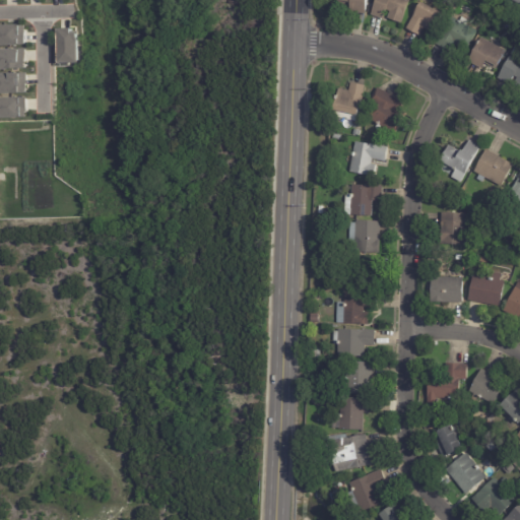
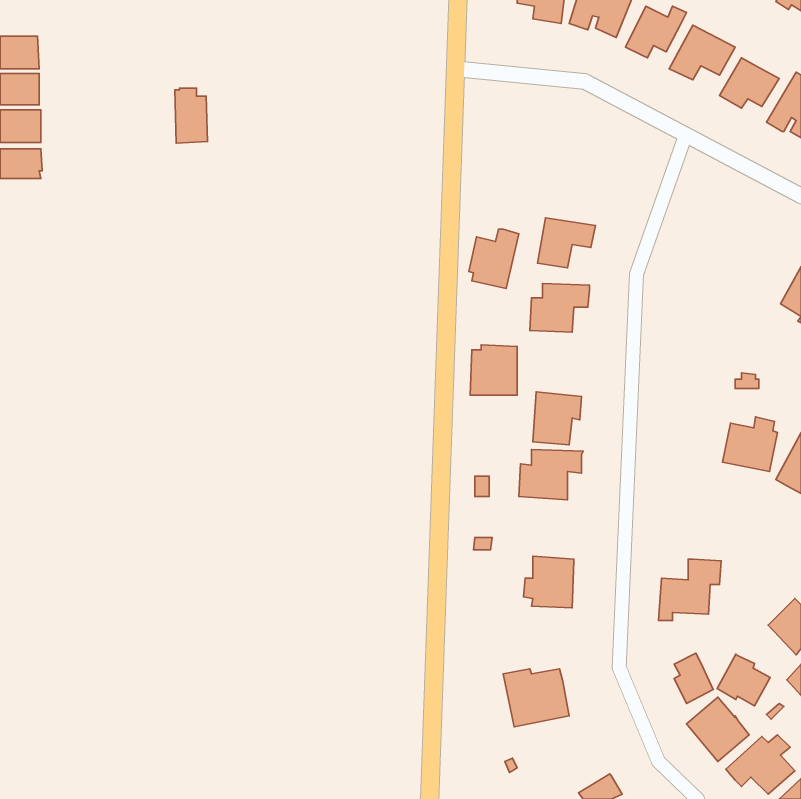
building: [58,26,79,62] -> [175,88,208,143]
building: [331,81,364,120] -> [469,229,519,289]
building: [368,86,405,133] -> none
building: [439,139,480,182] -> none
building: [473,149,513,186] -> none
building: [441,212,468,244] -> none
building: [347,219,378,252] -> [470,345,517,395]
building: [431,276,462,302] -> none
building: [332,328,374,355] -> none
building: [469,369,504,402] -> [717,654,770,706]
building: [338,396,370,430] -> none
building: [344,469,384,511] -> none

